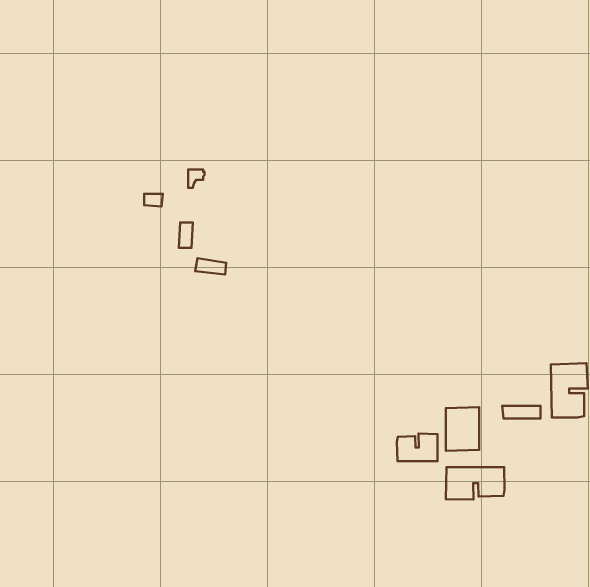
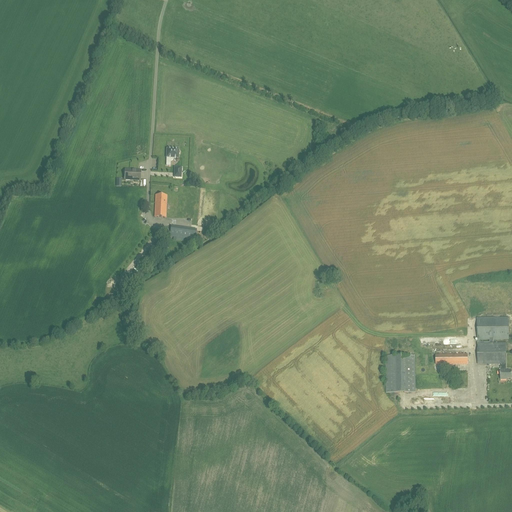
building: [397,434,438,461] -> none
building: [446,467,505,500] -> none

